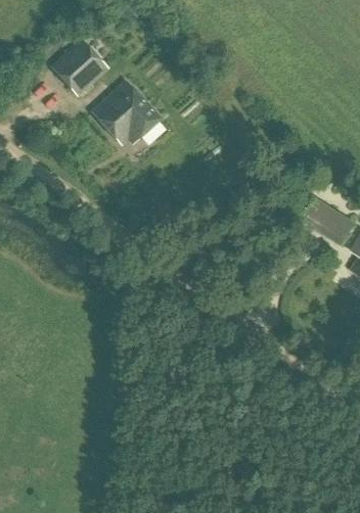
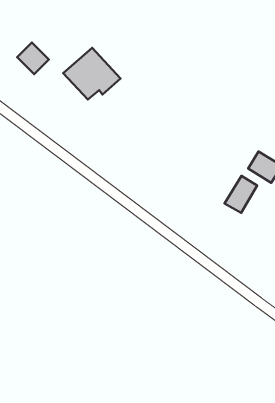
building: [50,39,107,96] -> none
building: none -> [224,176,257,213]

